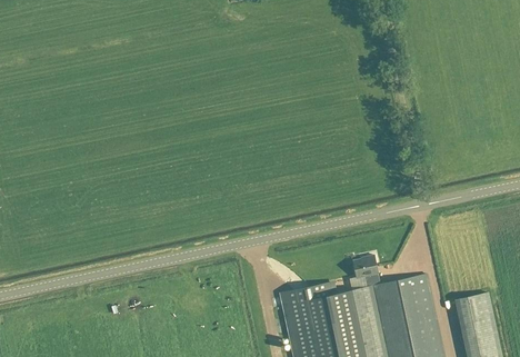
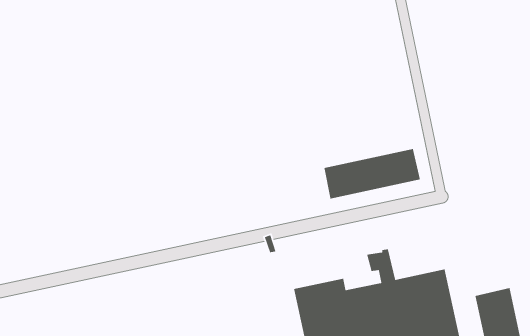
building: none -> [324,148,421,200]

